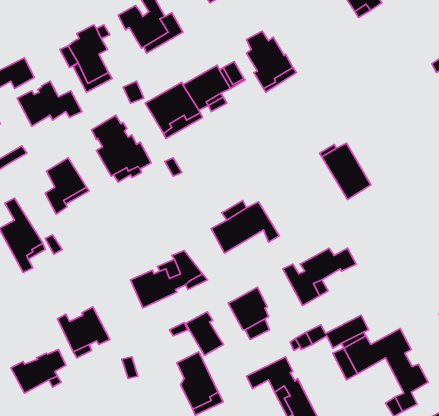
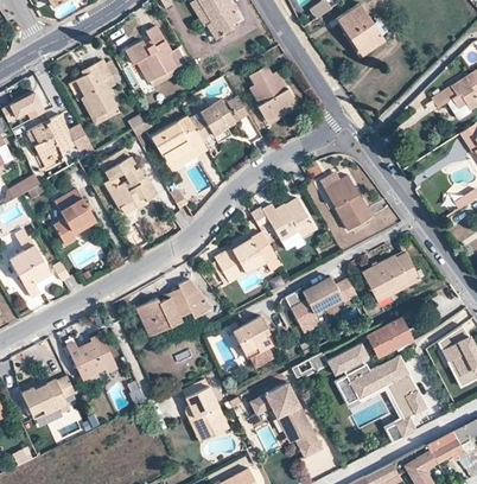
building: none -> [253,197,314,240]
building: none -> [362,253,420,301]
building: none -> [368,318,411,356]
building: [185,312,223,356] -> none

